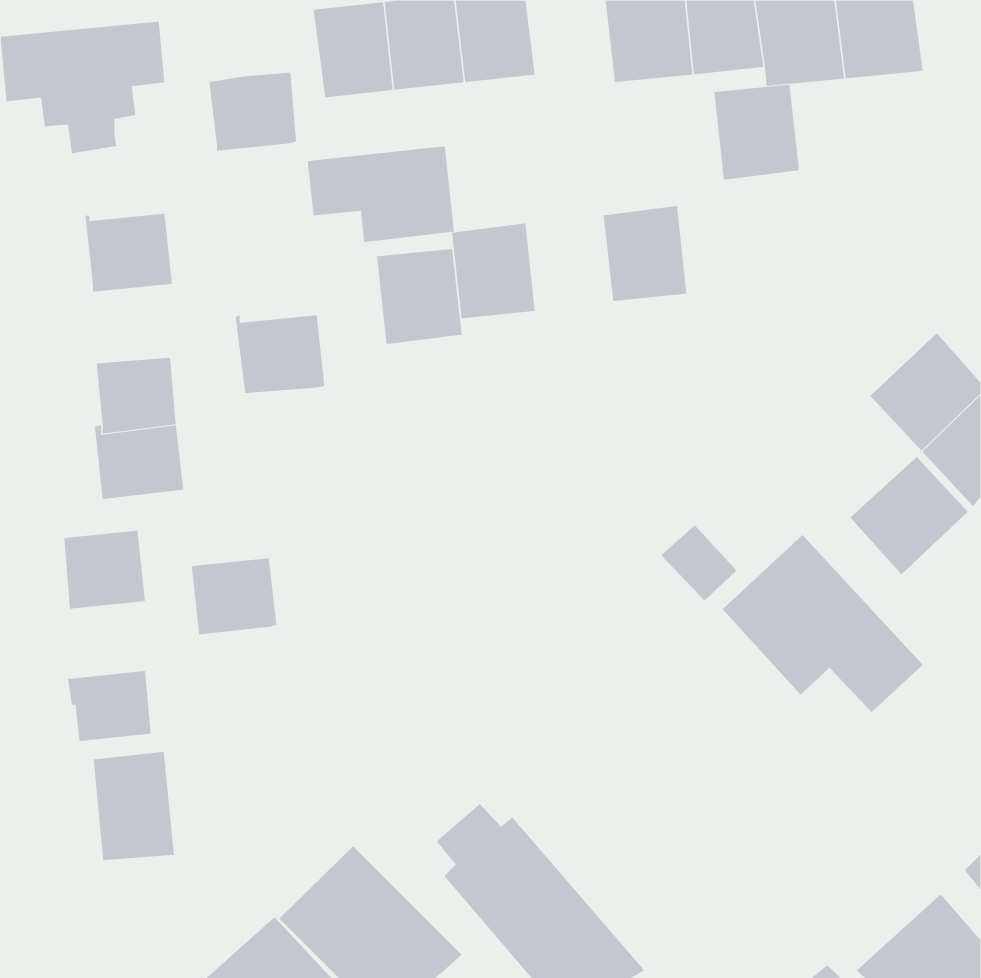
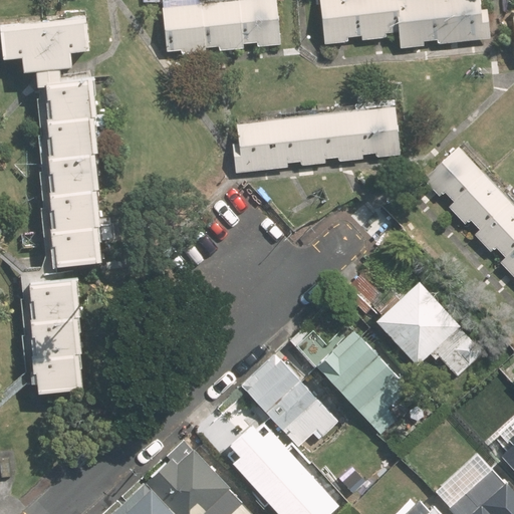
building: [209,72,297,151] -> [43,76,89,117]
building: [713,84,800,180] -> [354,105,400,156]
building: [307,145,454,243] -> none
building: [376,248,463,345] -> [275,114,320,165]
building: [235,315,325,394] -> [45,151,92,192]
building: [850,456,969,575] -> [428,147,490,209]
building: [191,558,277,635] -> [34,316,79,356]
building: none -> [294,326,410,433]
building: none -> [242,355,331,446]
building: [93,751,174,861] -> none

